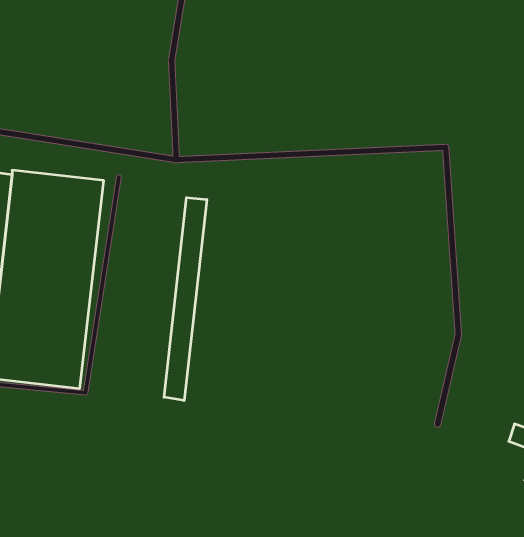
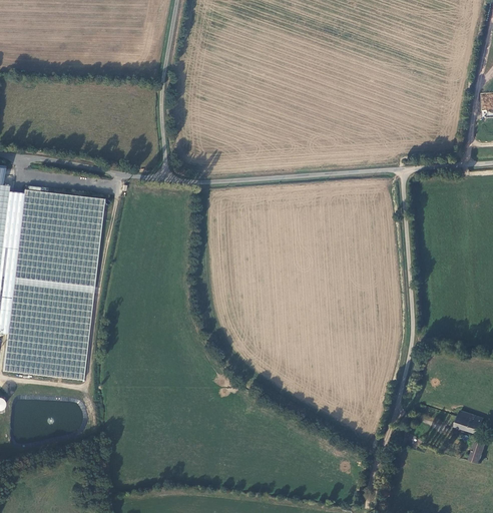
building: [164,198,207,401] -> none

